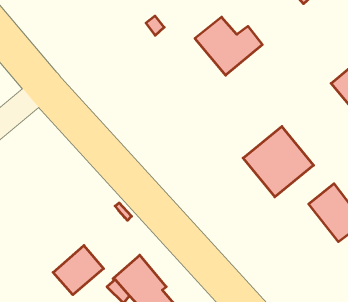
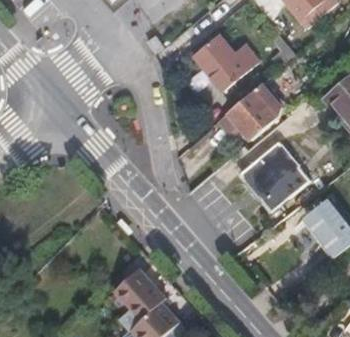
building: none -> [217,83,285,140]
building: [53,245,104,295] -> none

